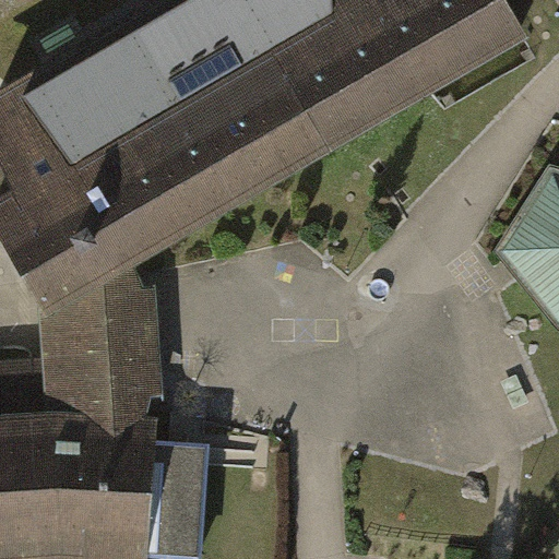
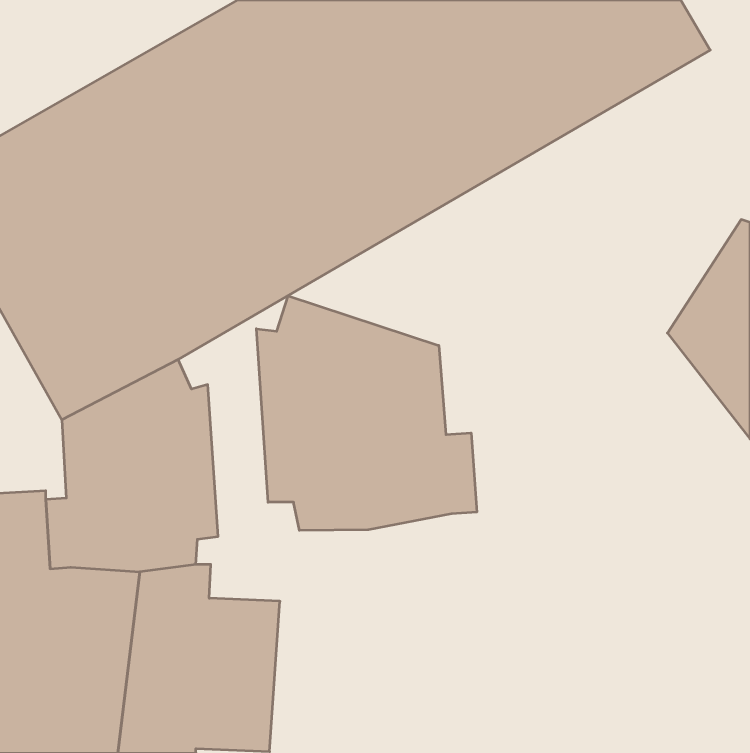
building: none -> [256,296,477,530]

